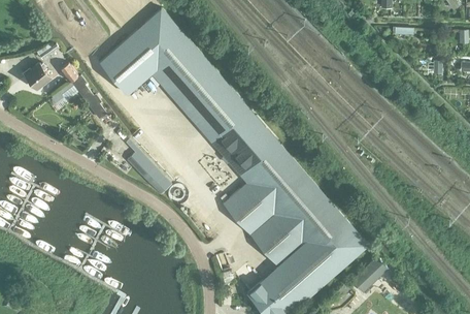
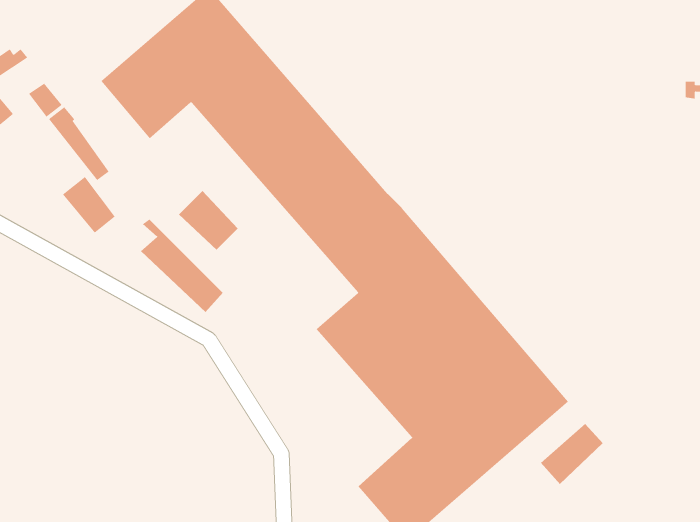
building: none -> [62,176,115,233]
building: none -> [178,190,238,250]

